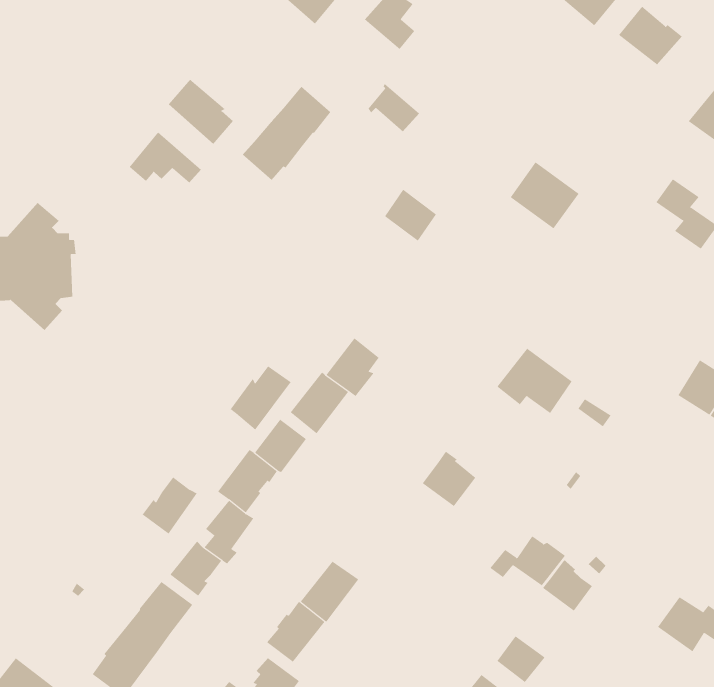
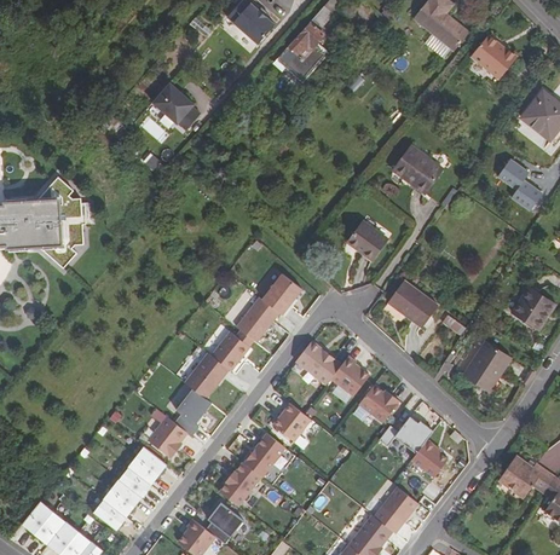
building: [367,83,420,132] -> [277,45,314,80]
building: [242,86,331,181] -> none
building: [129,132,202,183] -> none
building: [384,189,437,241] -> [348,222,386,260]
building: [230,365,292,430] -> none
building: none -> [295,339,341,382]
building: none -> [463,342,509,392]
building: [142,476,198,534] -> none
building: none -> [358,382,399,420]
building: none -> [273,403,311,439]

